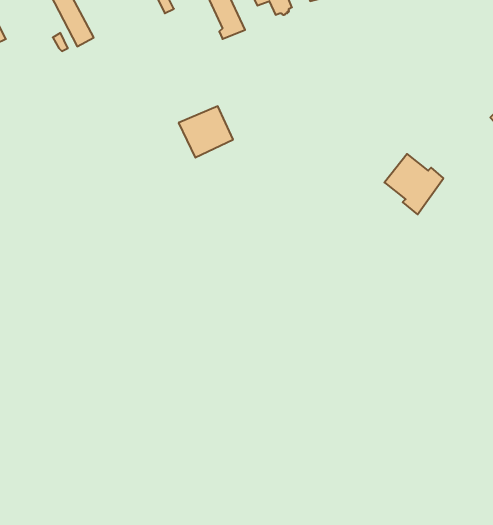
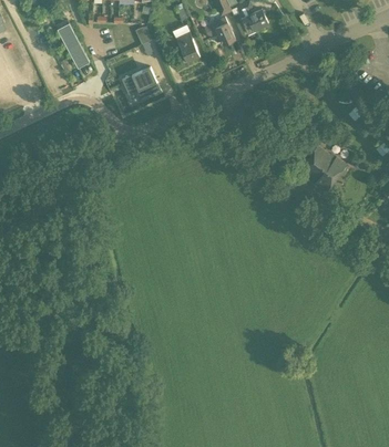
building: [179,106,233,158] -> [121,67,161,105]

